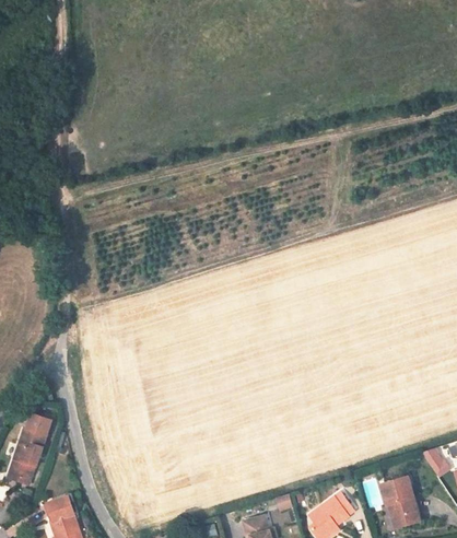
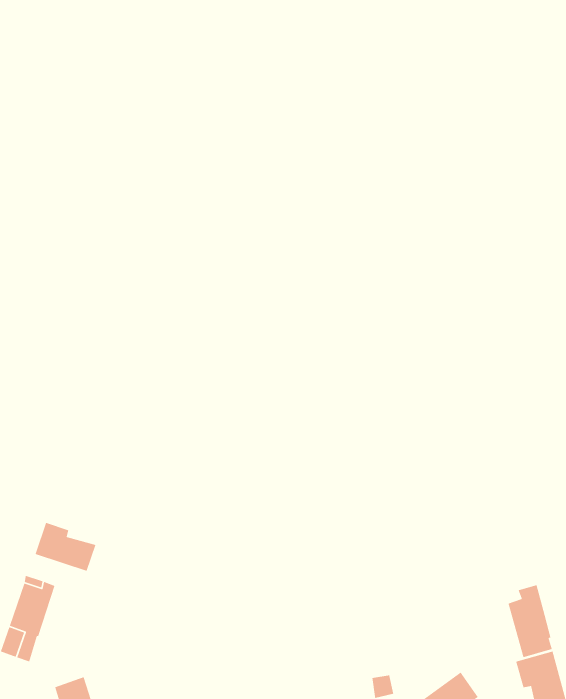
building: none -> [34,522,97,572]
building: none -> [507,584,553,658]

